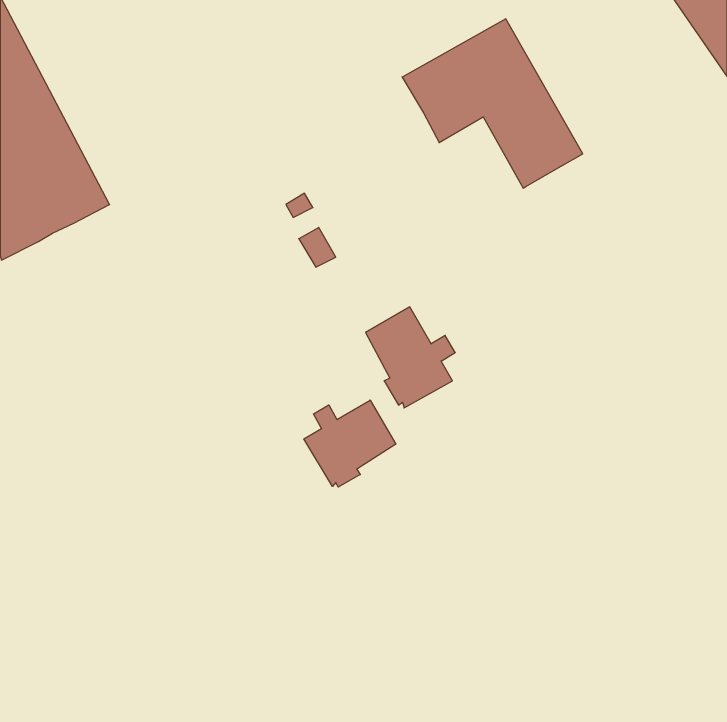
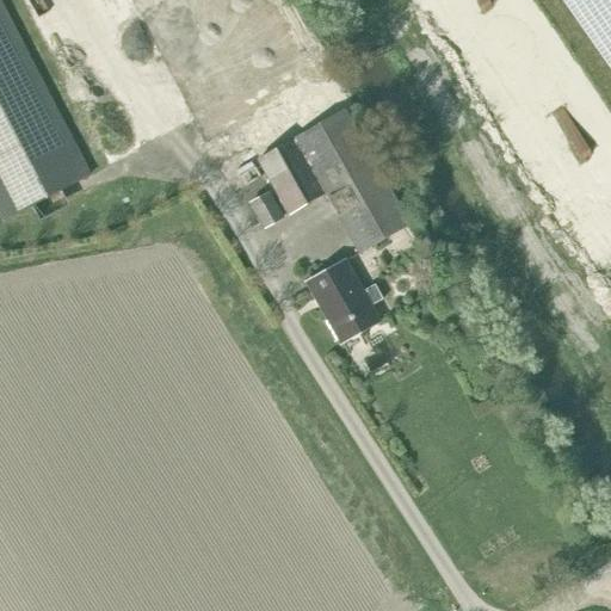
building: [402,19,583,188] -> [257,109,408,251]
building: [304,400,396,487] -> none

